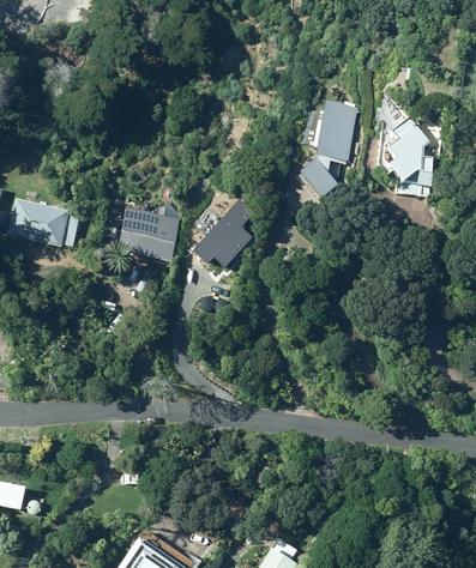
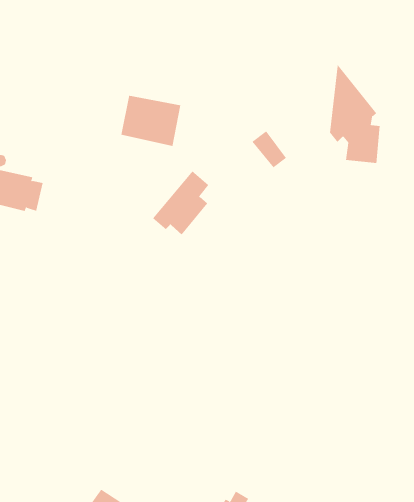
building: [314,103,357,163] -> none
building: [118,210,181,264] -> [121,95,181,146]

